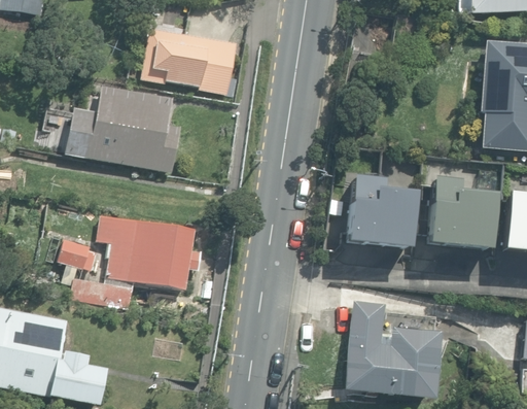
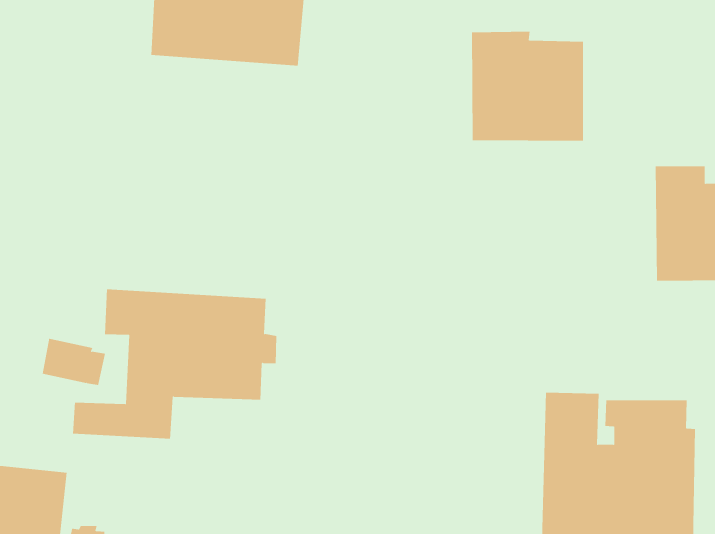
building: [66,86,182,172] -> none
building: [346,175,418,246] -> [471,31,584,141]

